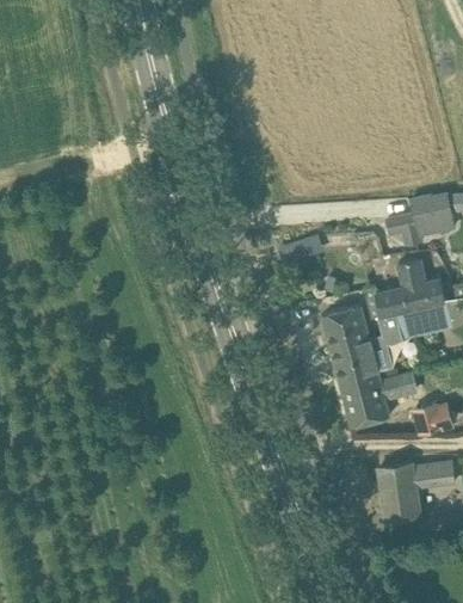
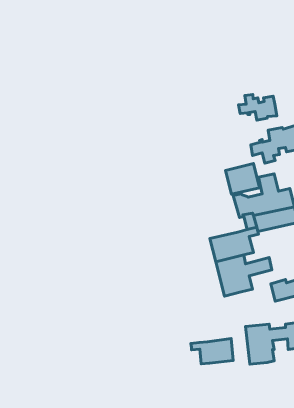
building: none -> [239,94,277,120]
building: [321,306,368,347] -> [226,163,260,194]
building: none -> [191,338,233,364]

